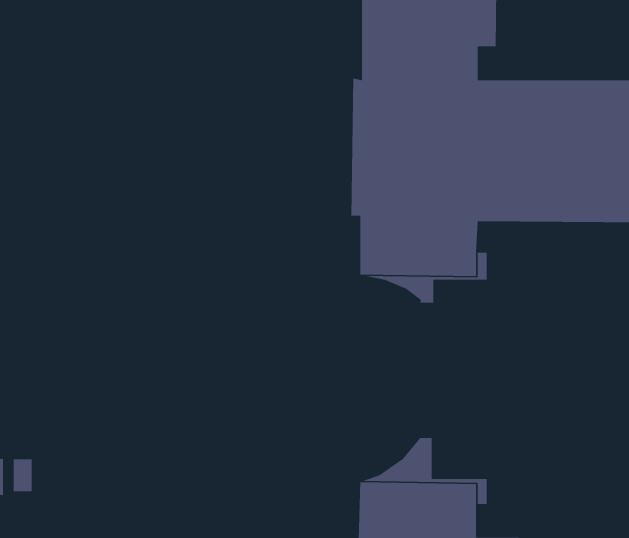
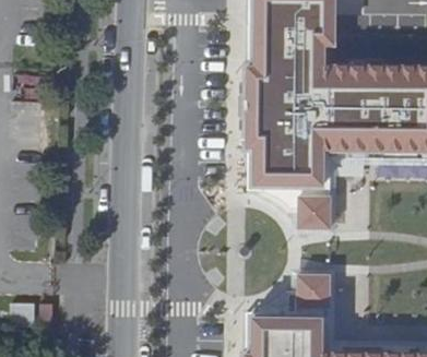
building: none -> [298,194,331,227]
building: none -> [297,283,331,316]

